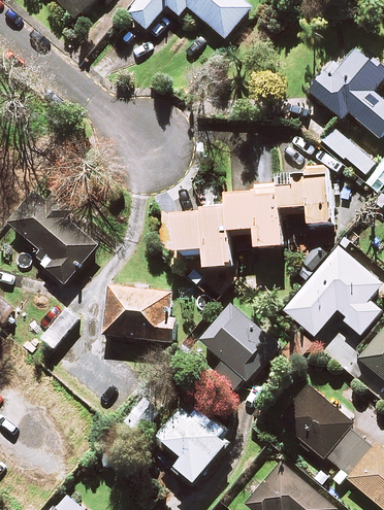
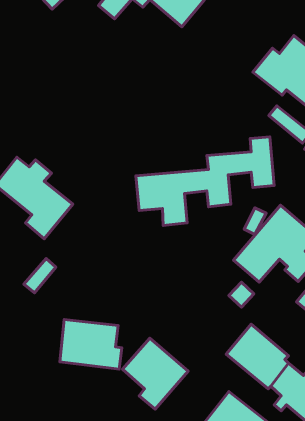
building: [103,284,175,342] -> [60,319,122,369]
building: [199,303,278,392] -> none

